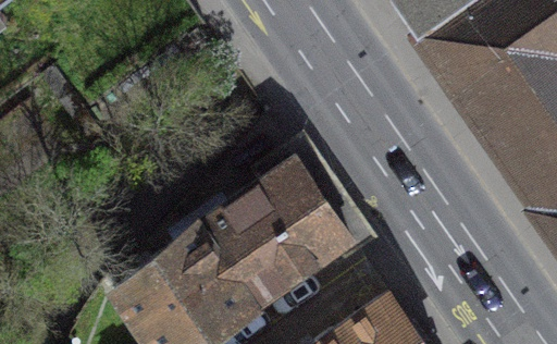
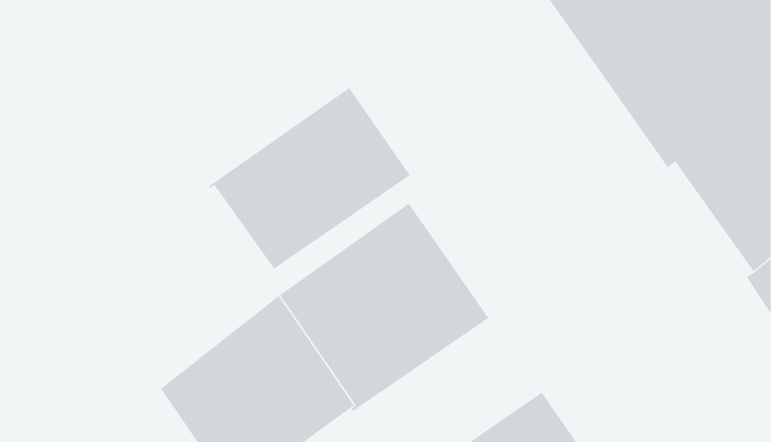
building: none -> [209,87,411,269]

